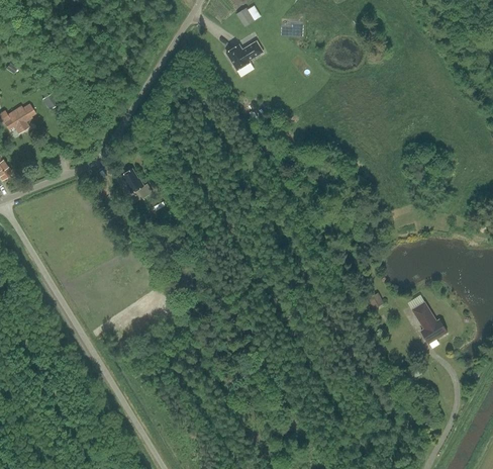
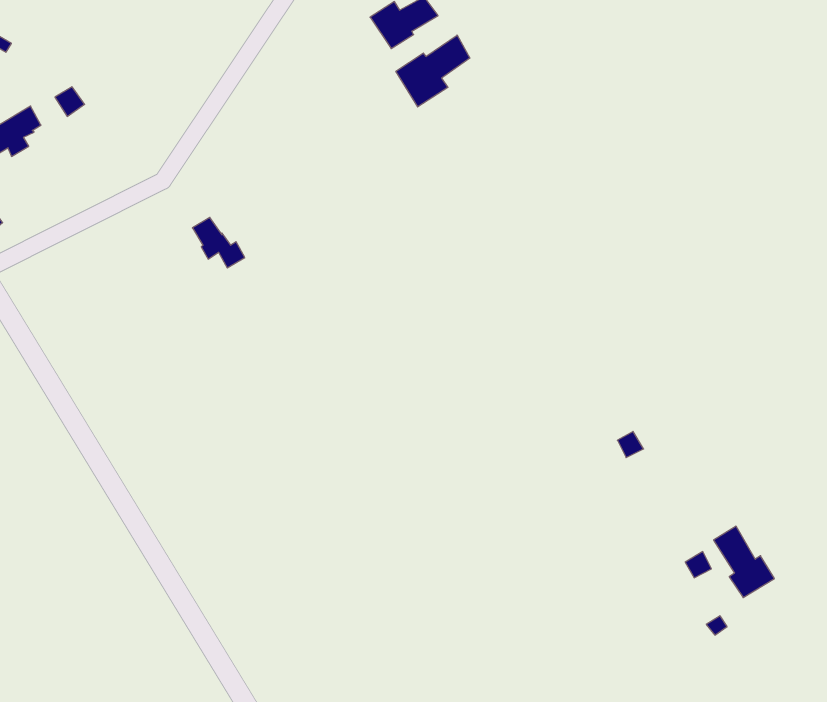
building: none -> [396,35,470,107]
building: [411,301,447,343] -> [714,526,774,598]

